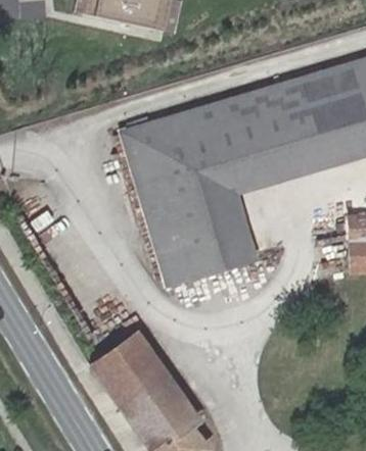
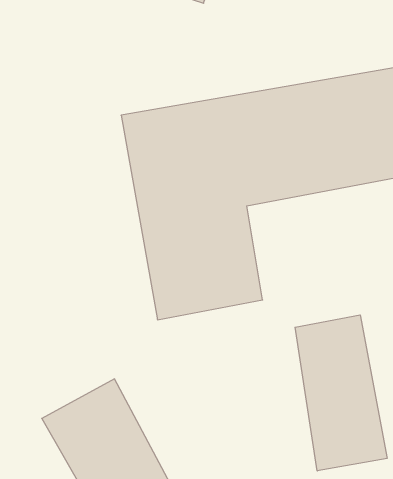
building: none -> [295,315,387,471]

